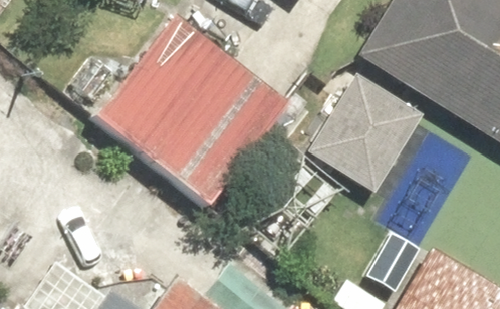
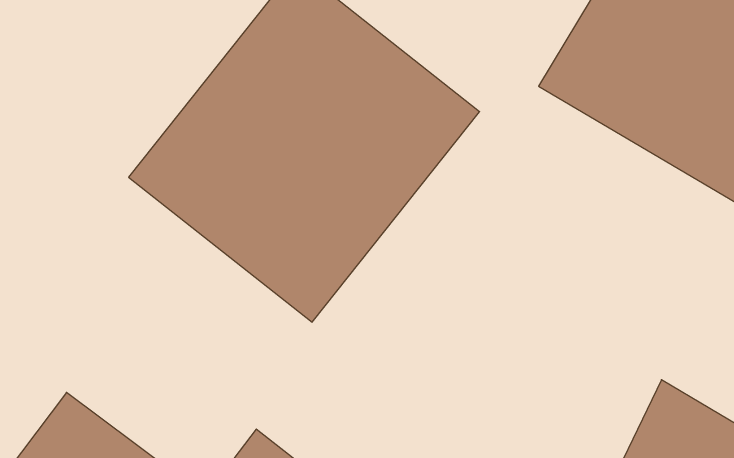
building: [307,69,428,195] -> none

